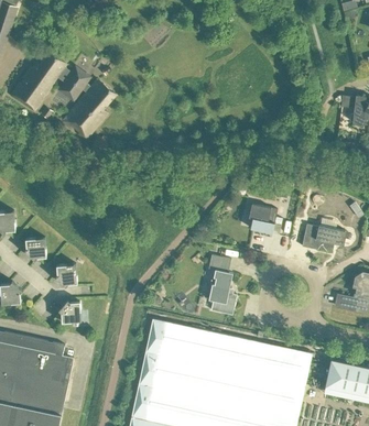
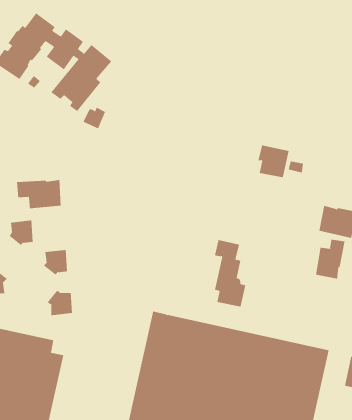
building: none -> [16,179,61,209]
building: [249,204,278,233] -> [258,145,290,178]
building: none -> [315,239,345,279]

